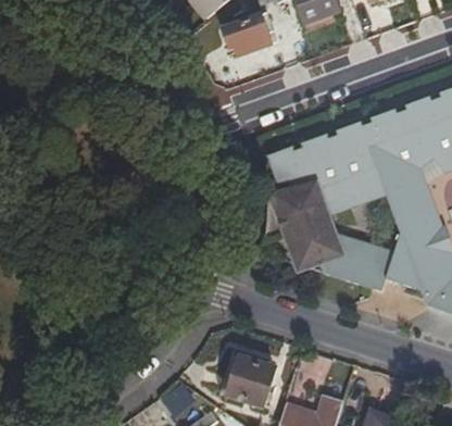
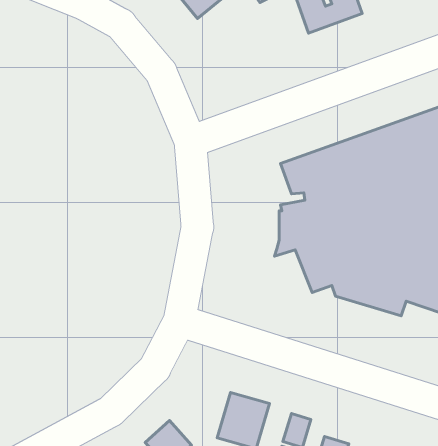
building: [219,14,268,57] -> none

